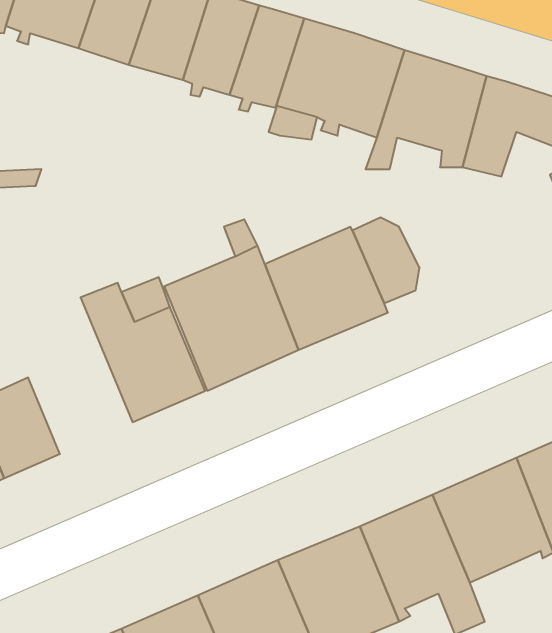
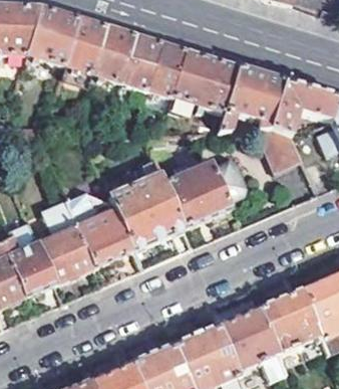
building: none -> [256,128,303,171]
building: none -> [38,199,94,283]

